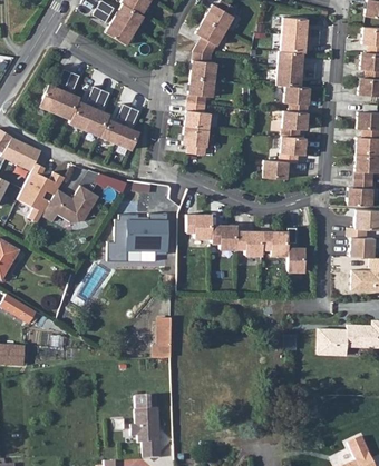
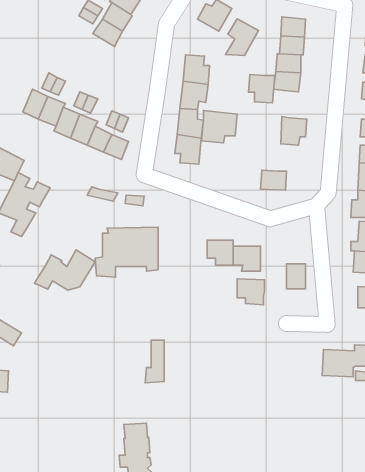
building: [193,19,224,53] -> [225,19,259,56]
building: [284,86,309,112] -> [249,74,275,103]
building: none -> [202,110,237,143]
building: [280,136,305,162] -> none
building: [42,186,99,224] -> [35,250,95,290]
building: [187,215,213,238] -> none
building: [263,231,289,256] -> [237,279,265,305]

